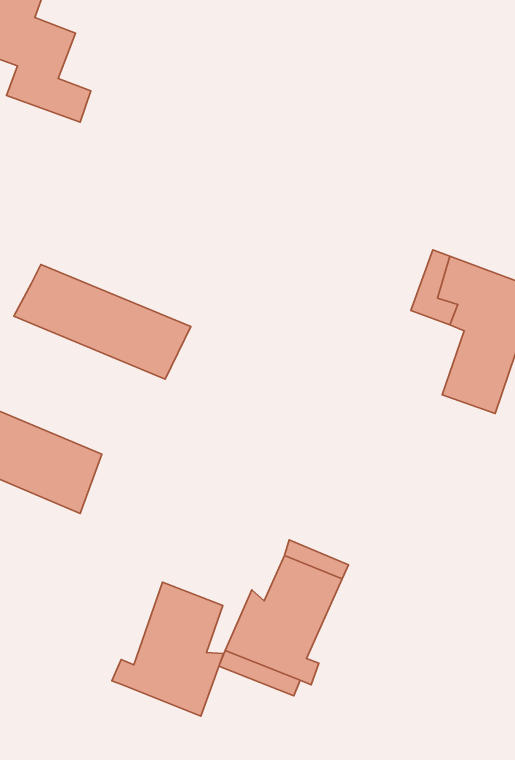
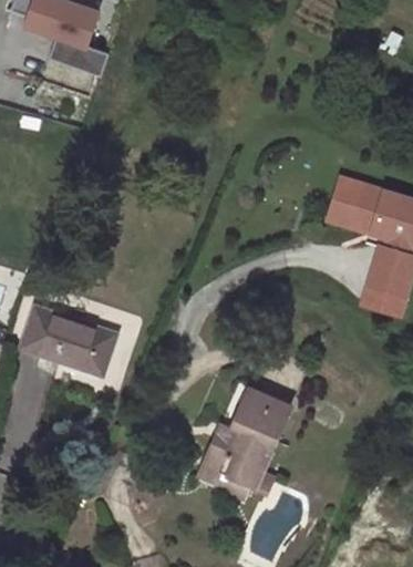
building: [14,265,191,379] -> none
building: [112,582,224,716] -> none

